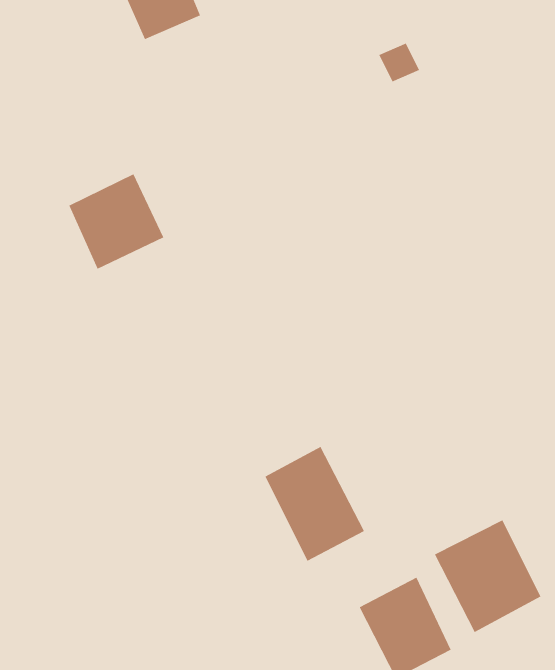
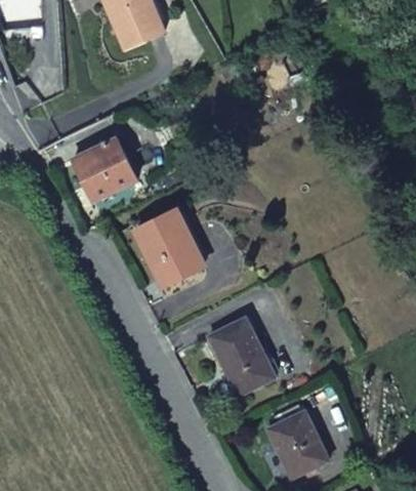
building: none -> [136,212,203,286]
building: [434,519,541,633] -> none

